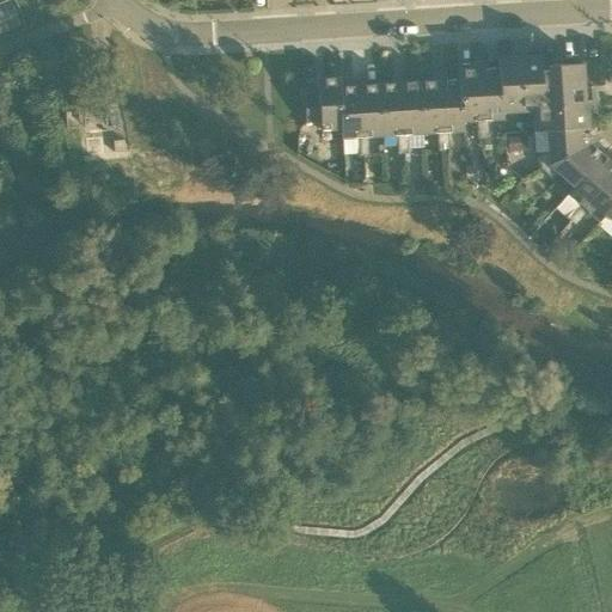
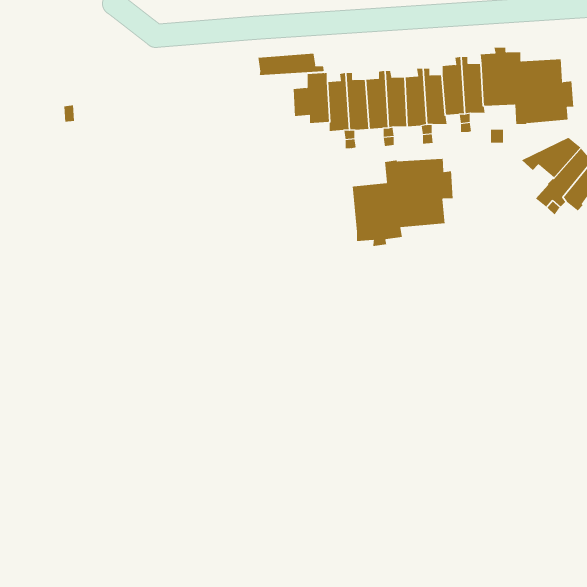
building: none -> [258,53,325,76]
building: [541,124,592,166] -> none
building: none -> [352,158,453,247]

